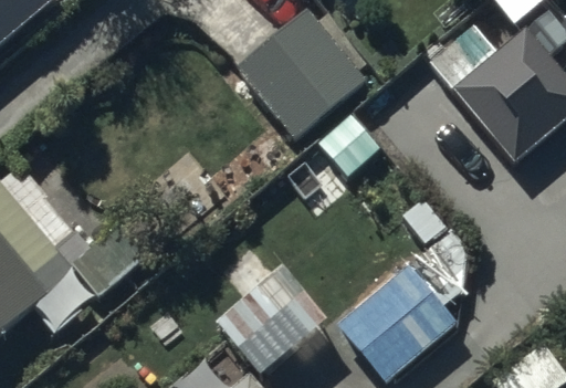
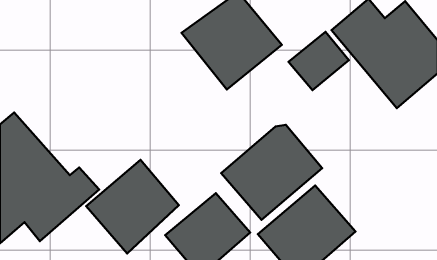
building: none -> [221,125,322,220]
building: none -> [86,160,179,253]

